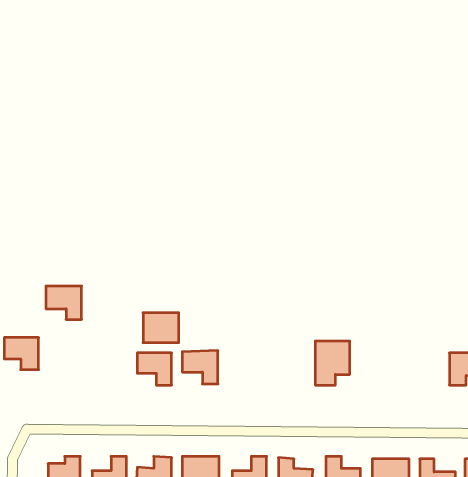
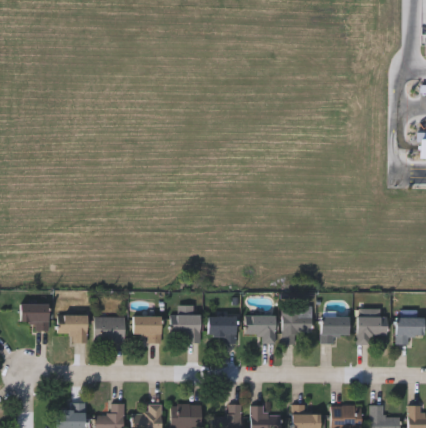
building: [46,286,82,319] -> [58,314,88,342]
building: [143,313,179,343] -> [95,316,125,341]
building: none -> [245,314,275,341]
building: none -> [322,315,349,342]
building: none -> [358,315,387,343]
building: none -> [209,316,237,343]

